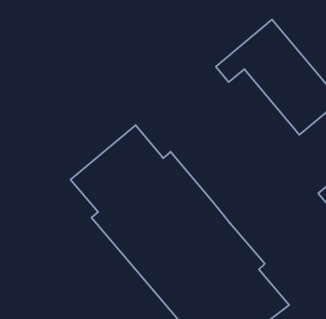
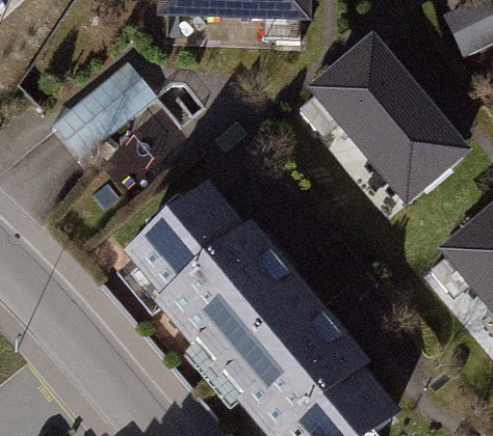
building: none -> [58,59,162,155]

